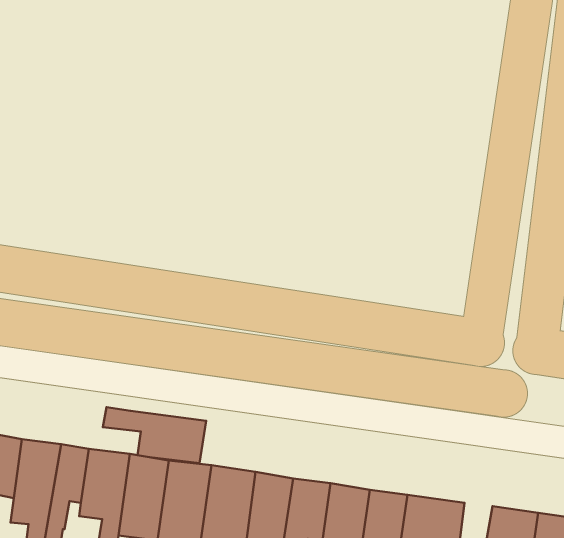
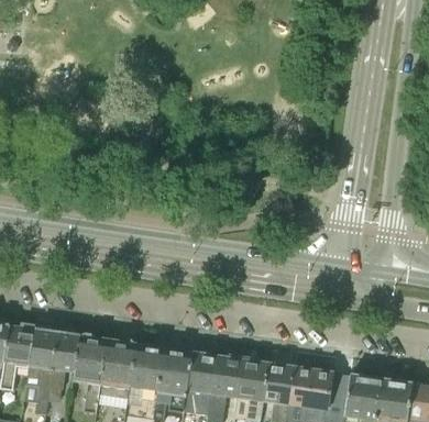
building: [103,407,206,463] -> none

